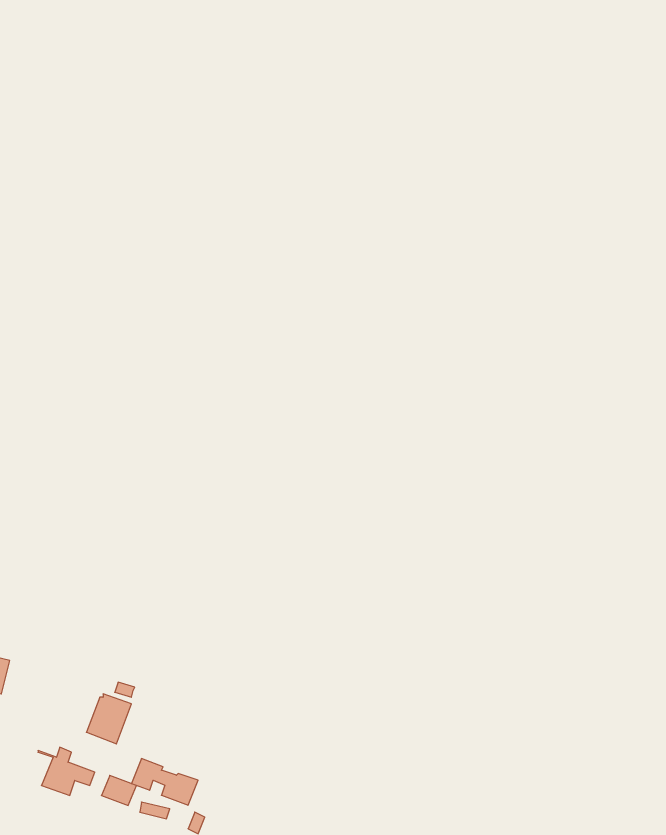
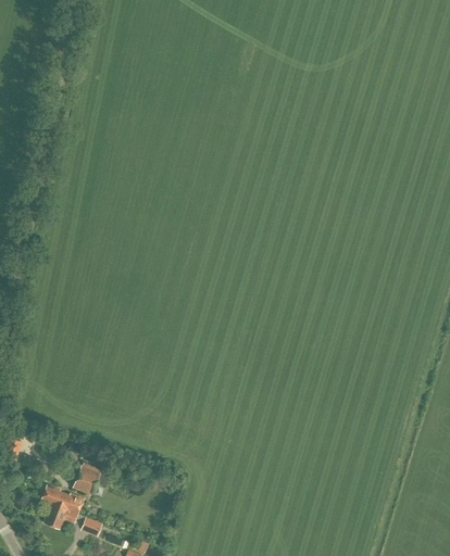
building: [131,759,198,805] -> [39,483,83,514]

